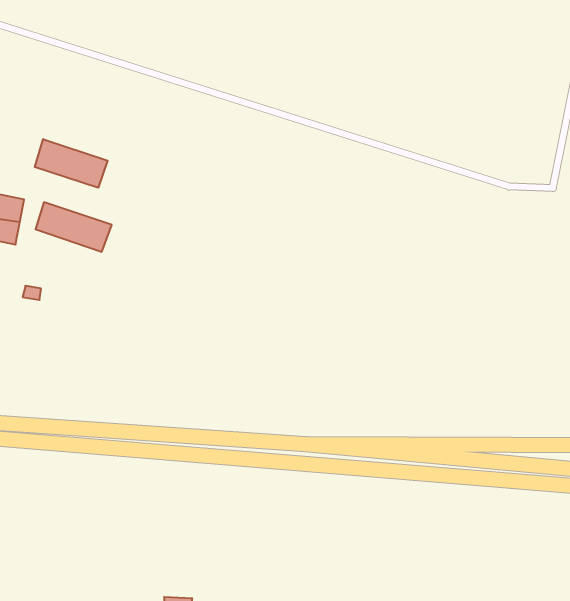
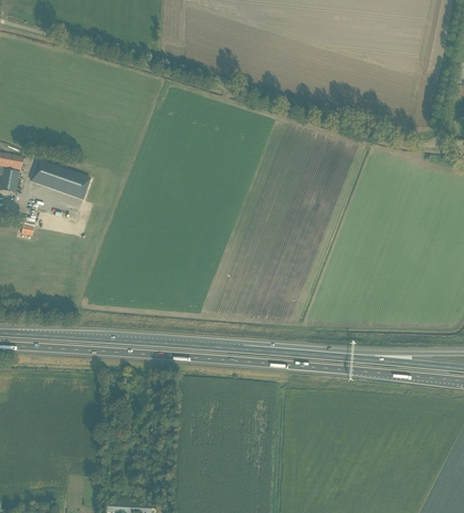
building: [35,139,108,188] -> none

